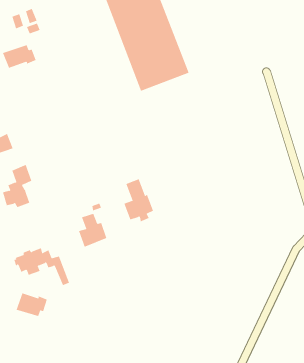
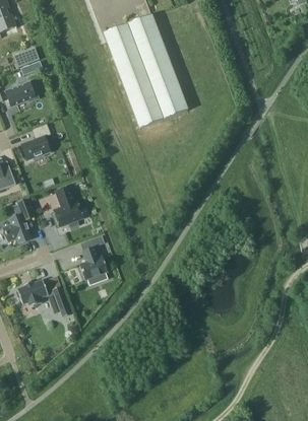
building: none -> [21,123,51,159]
building: [124,179,154,222] -> [54,186,83,228]
building: [16,293,48,317] -> none

